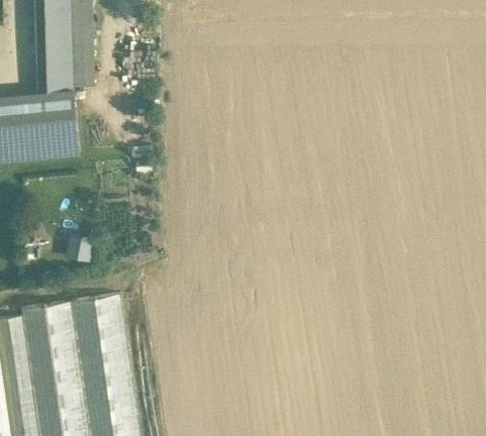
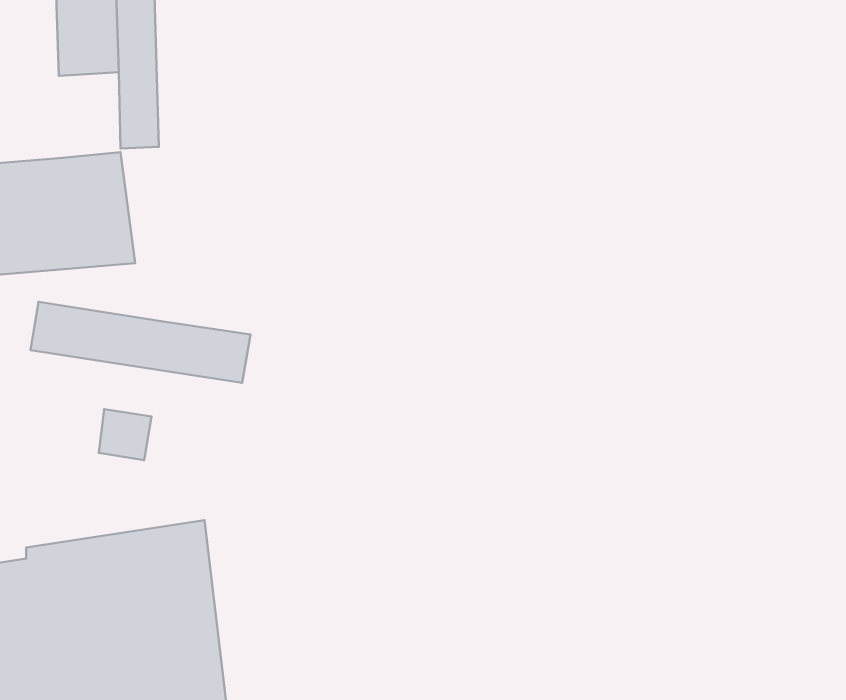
building: [36,47,72,95] -> none
building: none -> [30,302,250,383]

